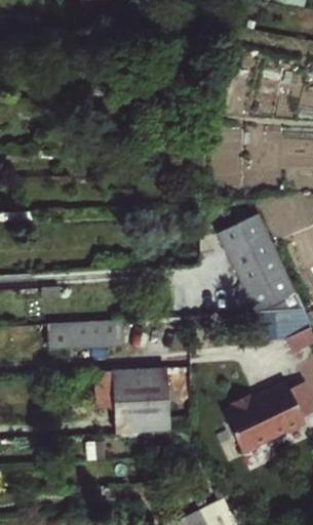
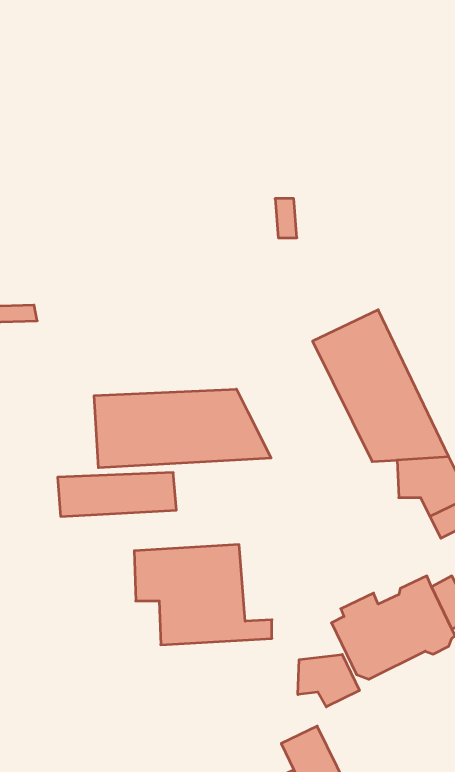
building: none -> [94,389,271,468]
building: none -> [298,654,359,707]

